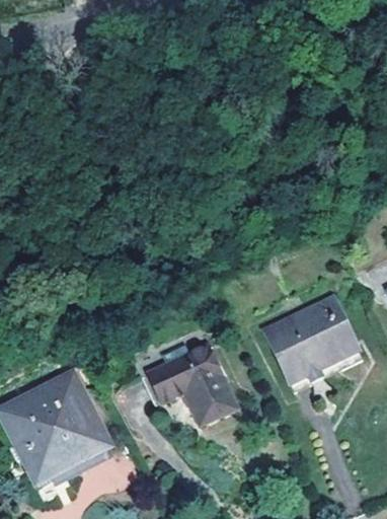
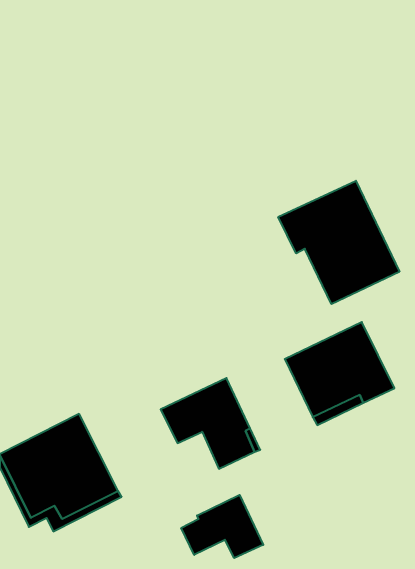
building: none -> [278,181,399,304]
building: none -> [181,495,263,558]

